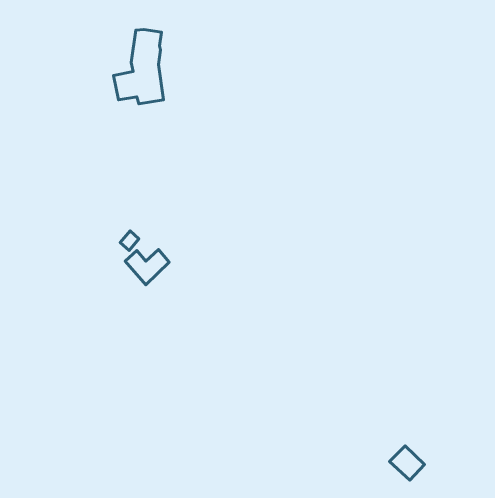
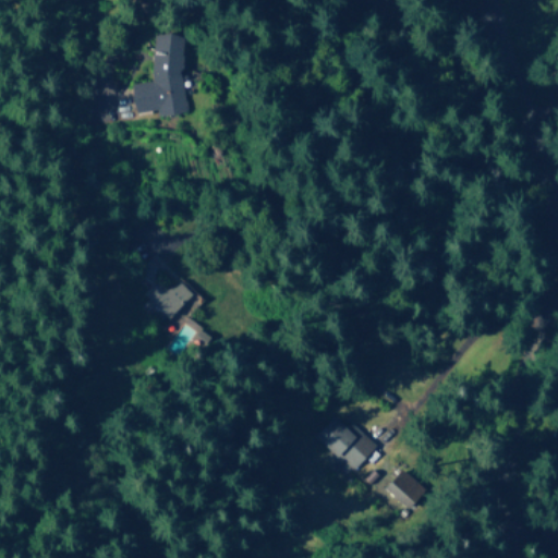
building: none -> [316,417,377,472]
building: [389,446,425,480] -> [386,471,425,509]

